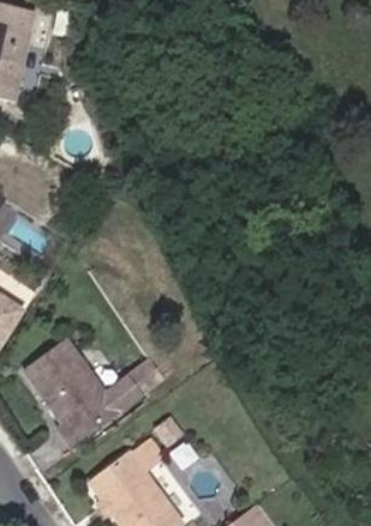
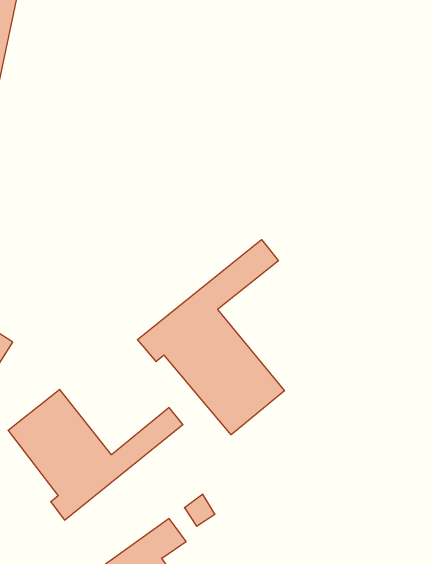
building: none -> [137,240,284,435]

